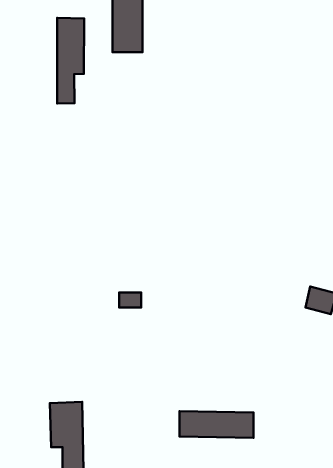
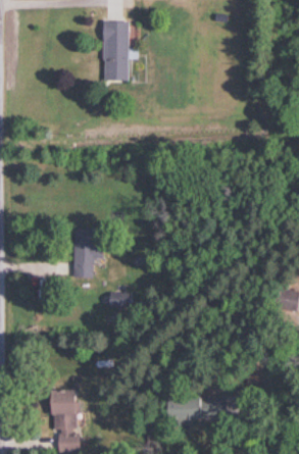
building: [57,18,84,104] -> none
building: none -> [74,231,98,278]

